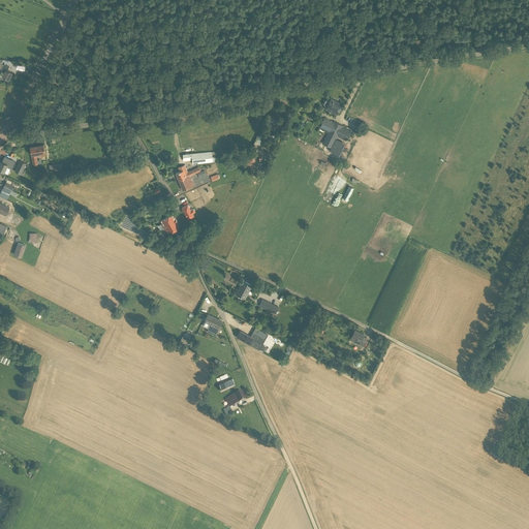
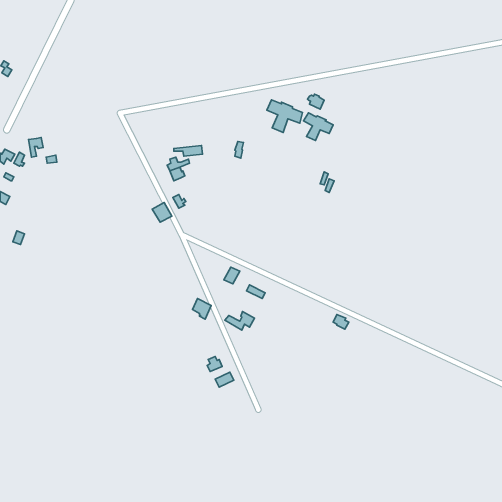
building: none -> [267,100,303,133]

